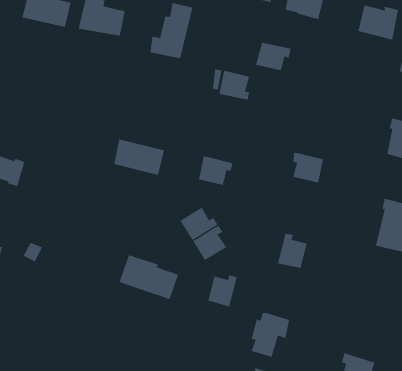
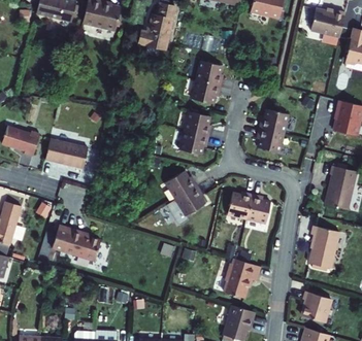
building: [255,42,292,71] -> [192,79,222,103]
building: none -> [259,109,289,133]
building: none -> [185,111,210,136]
building: [113,139,165,175] -> [46,139,89,169]
building: [119,255,179,300] -> [51,226,100,263]
building: none -> [309,227,340,270]
building: [207,274,238,307] -> [227,192,252,218]

